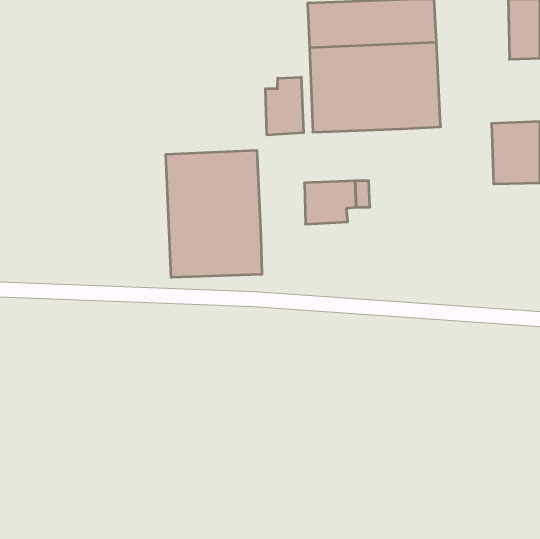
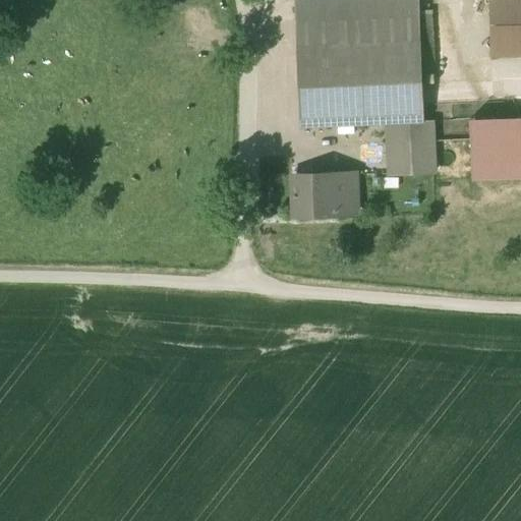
building: [265,77,304,135] -> none
building: none -> [387,120,433,174]
building: [166,150,262,277] -> none

